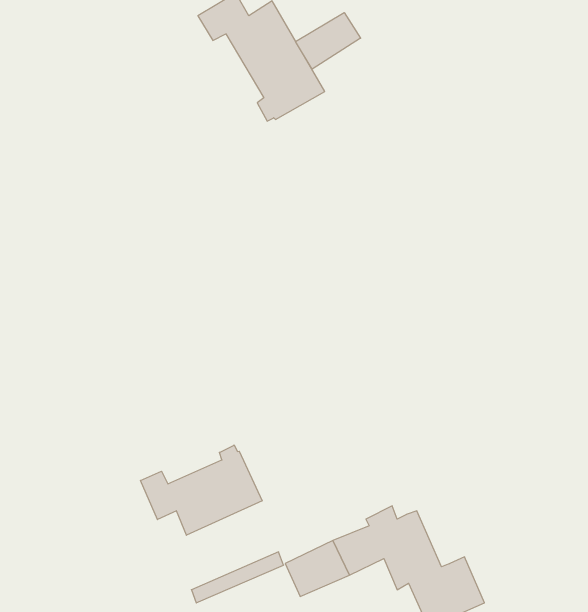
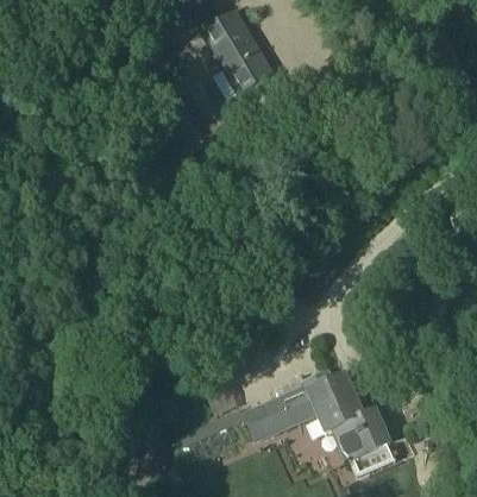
building: [296,13,361,69] -> none
building: [141,445,262,535] -> none

